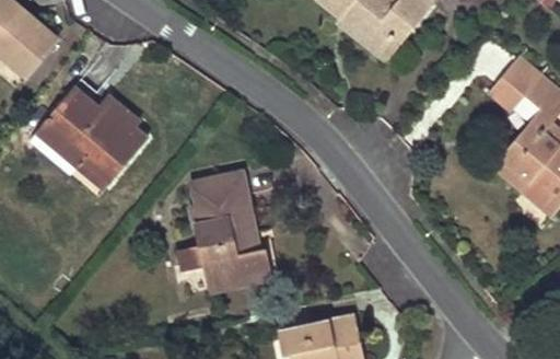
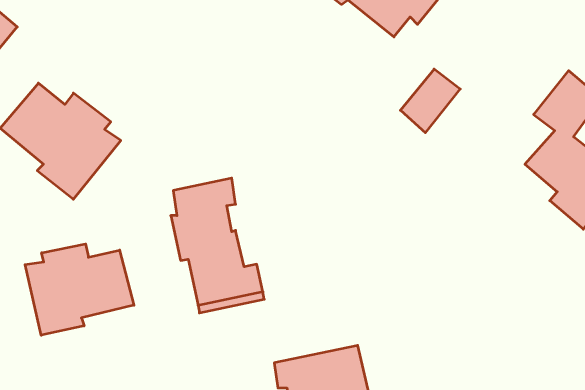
building: [487,59,539,115] -> [400,69,460,133]
building: none -> [25,244,134,335]

